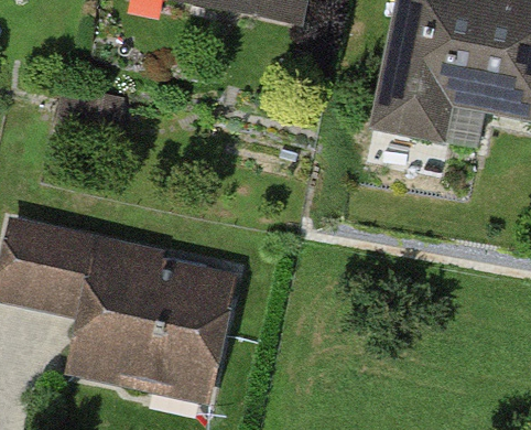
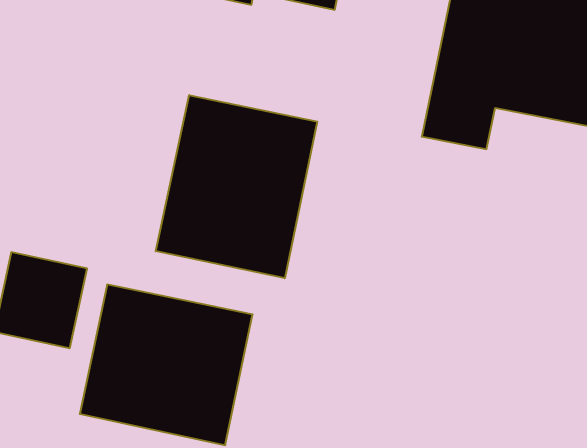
building: none -> [156,95,317,278]

